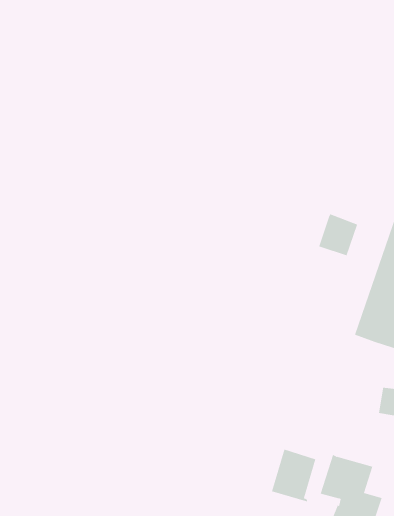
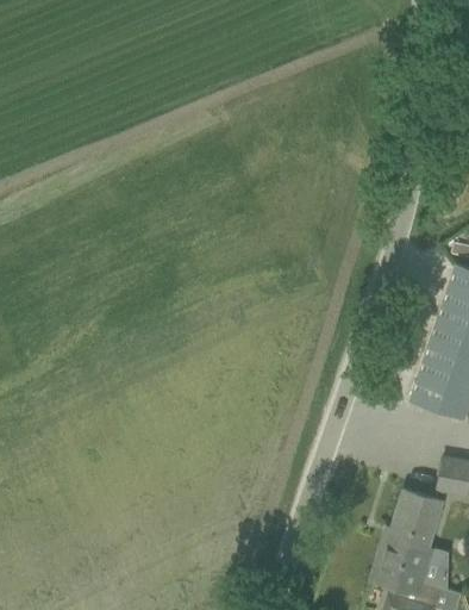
building: [319,213,358,256] -> none
building: [271,449,316,502] -> [392,488,443,549]

